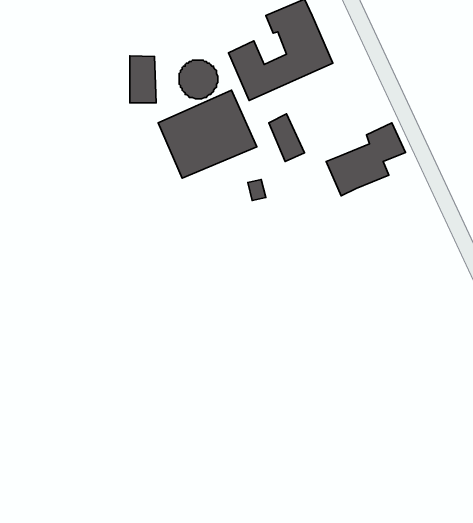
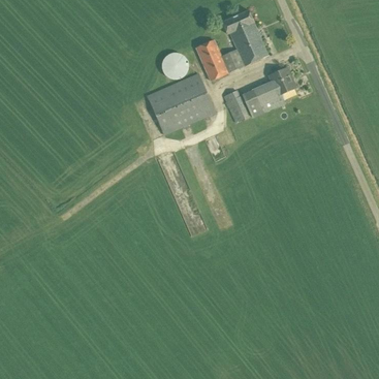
building: [130,56,156,103] -> none
building: [326,123,405,196] -> [241,67,295,118]

